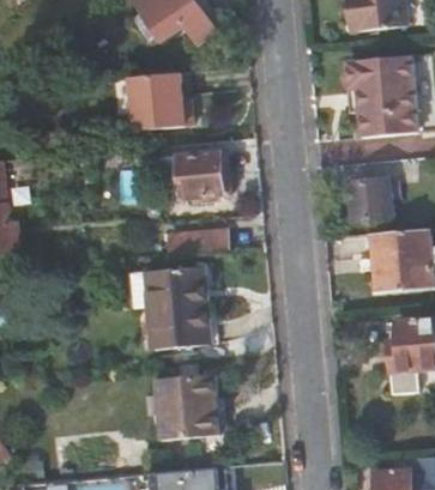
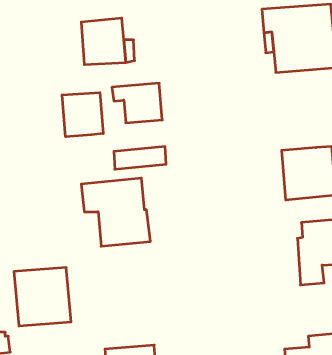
building: none -> [62,93,103,137]
building: [346,179,393,220] -> none
building: [151,373,220,443] -> [14,268,71,326]

